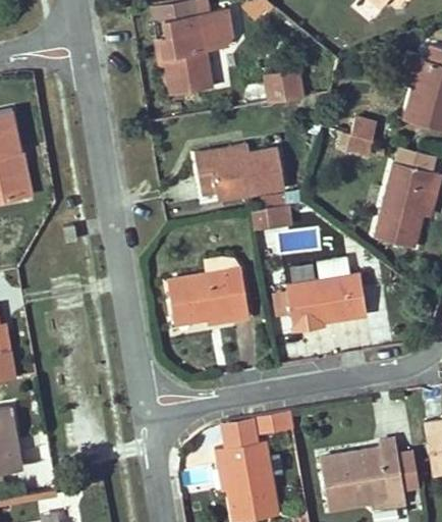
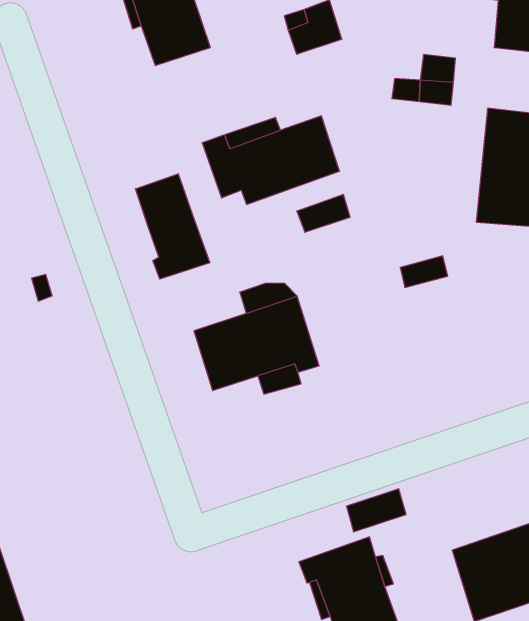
building: none -> [135,174,210,279]
building: [287,273,367,331] -> none

